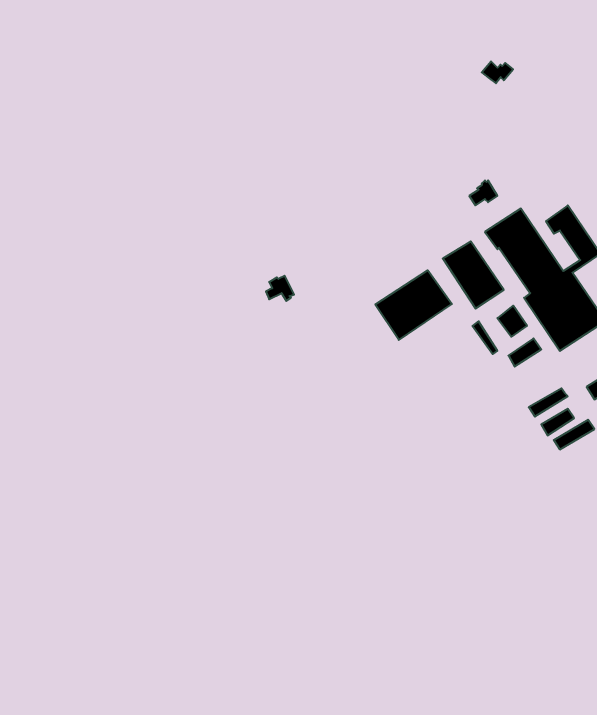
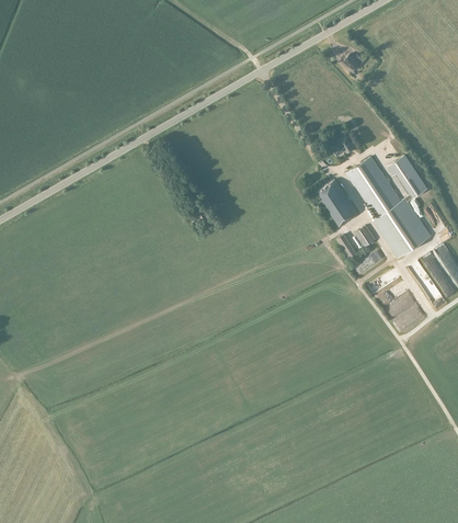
building: [375,270,452,340] -> none

